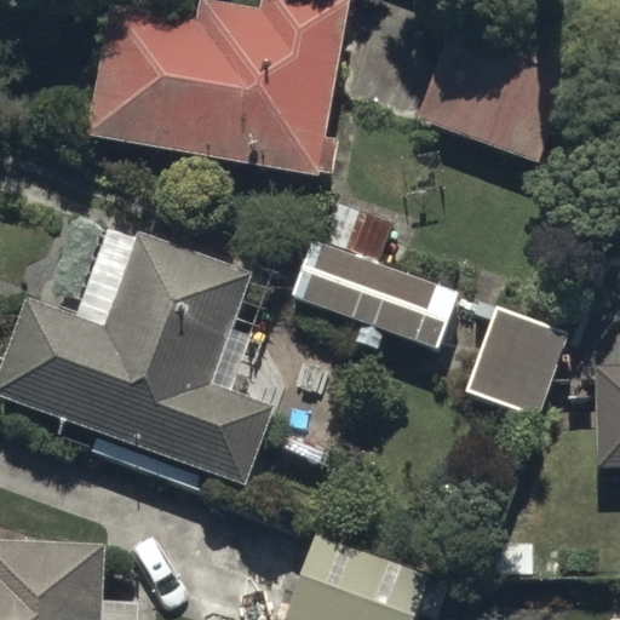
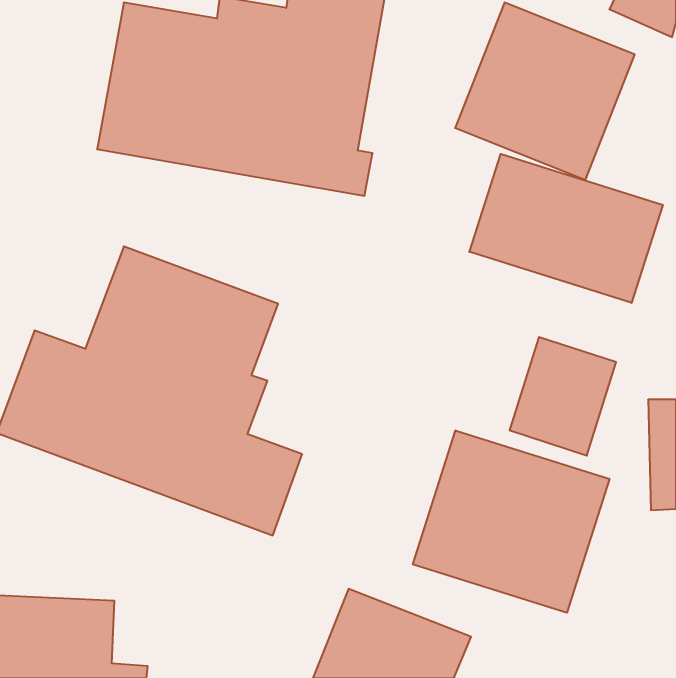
building: none -> [469,154,663,303]
building: [292,201,459,350] -> none
building: none -> [413,430,609,613]

